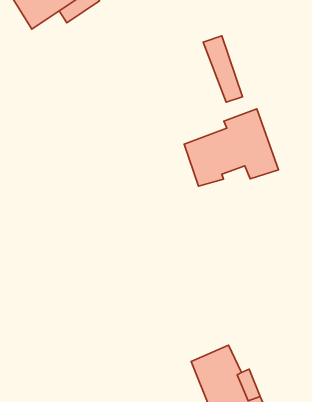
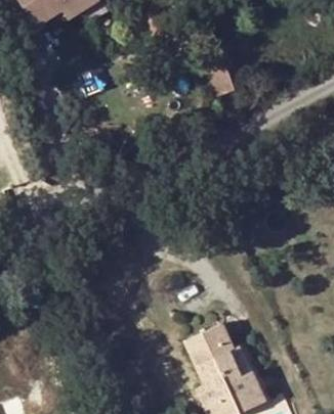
building: [184,109,278,186] -> none

